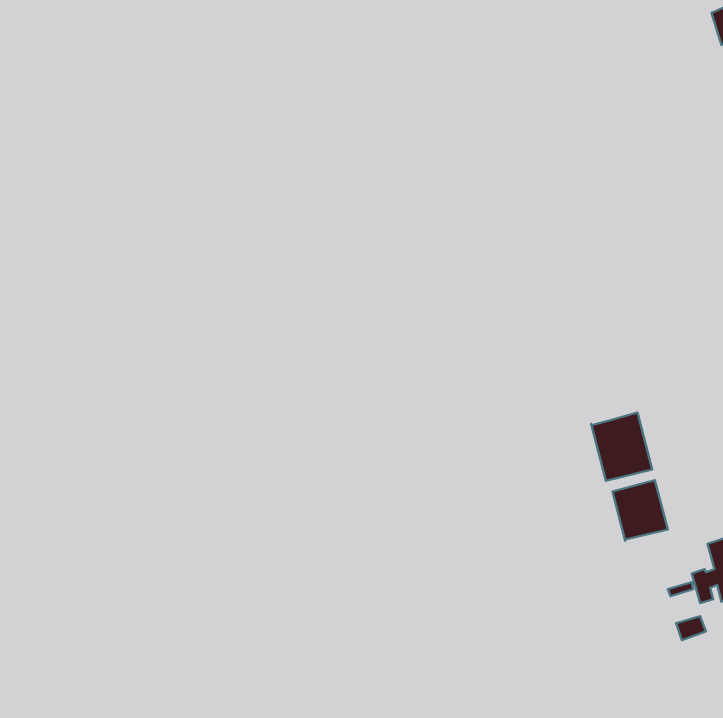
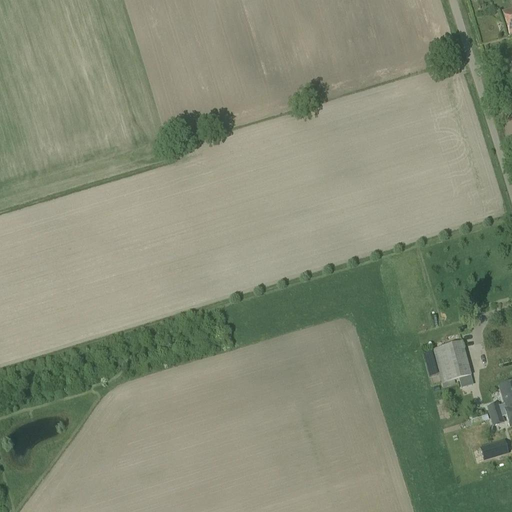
building: [591,412,652,481] -> none

